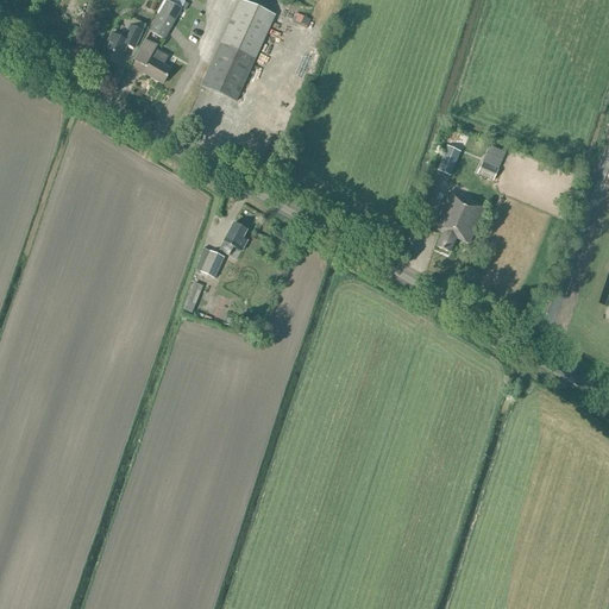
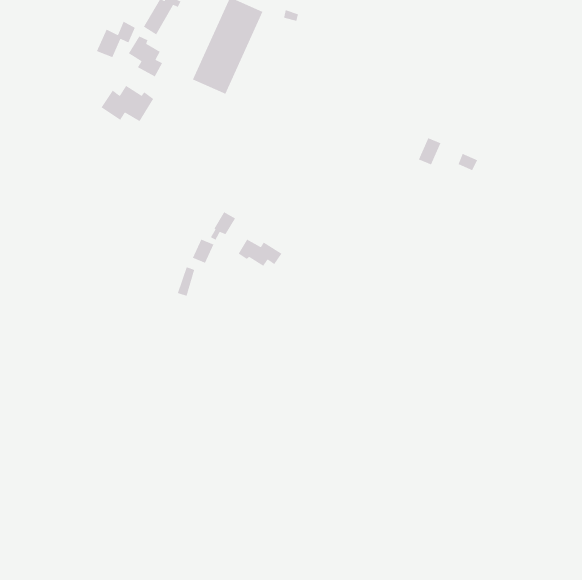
building: none -> [100,85,160,122]
building: [435,189,484,249] -> none
building: none -> [234,238,282,267]

